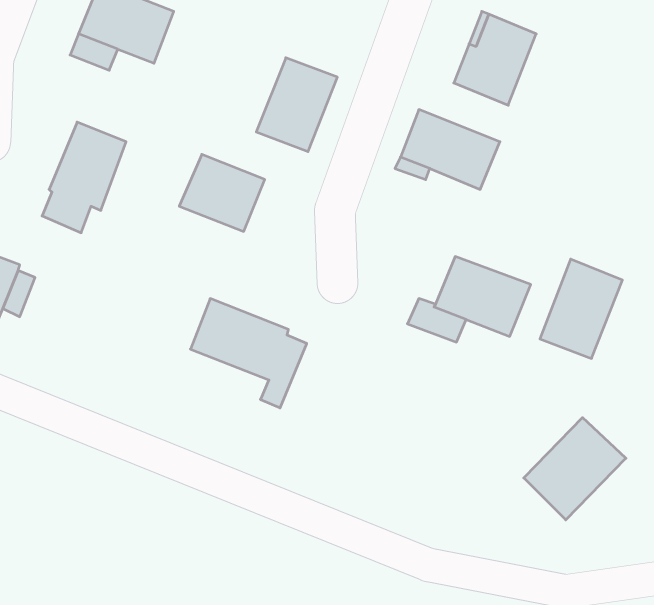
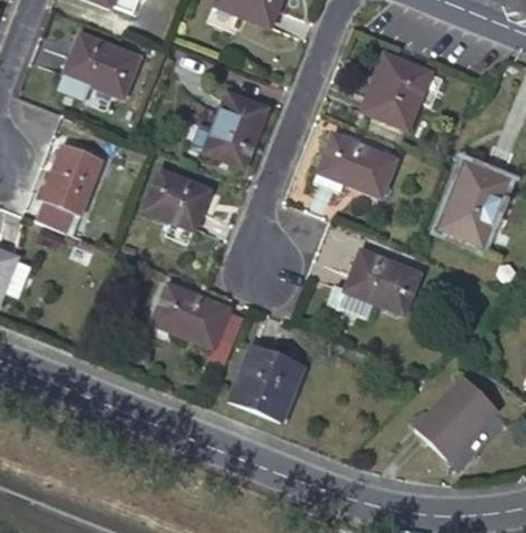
building: [540,259,622,358] -> [442,164,507,243]
building: none -> [230,345,305,420]

